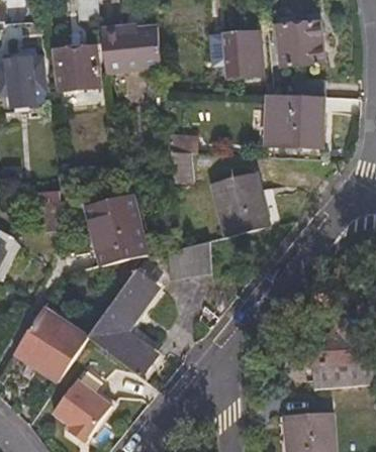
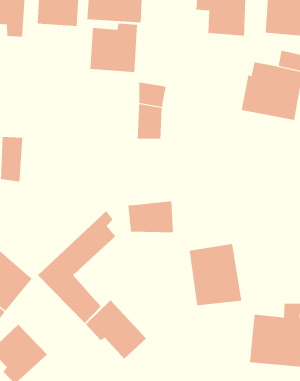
building: none -> [90,23,137,73]
building: [212,171,272,237] -> [189,243,242,306]
building: [84,201,143,268] -> none
building: none -> [85,300,147,360]

